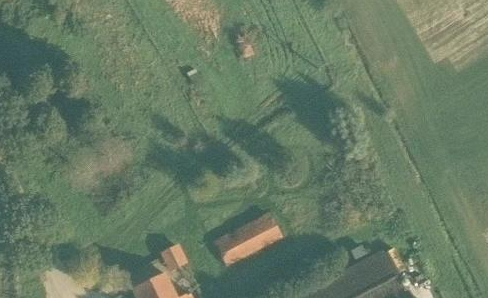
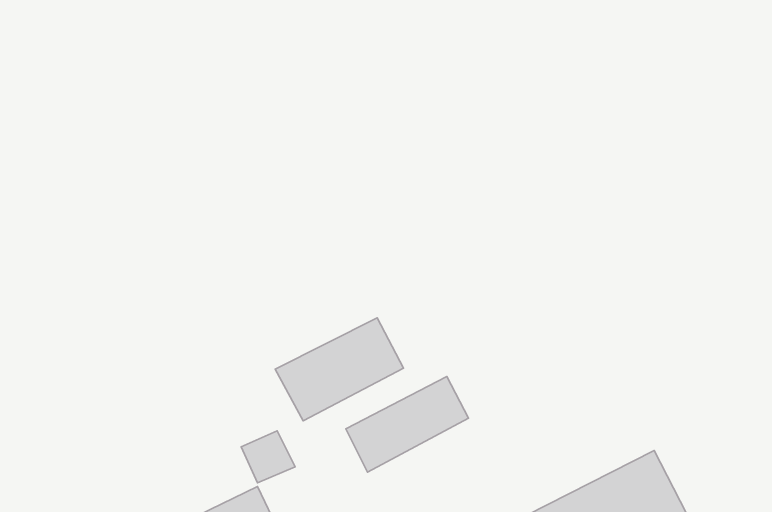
building: none -> [275,318,403,421]

